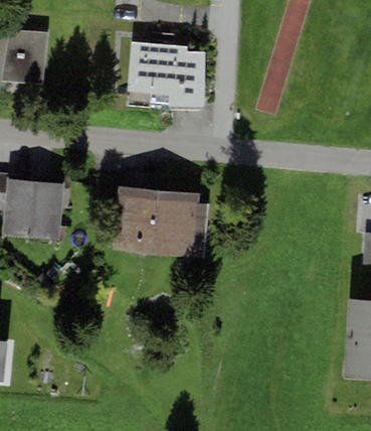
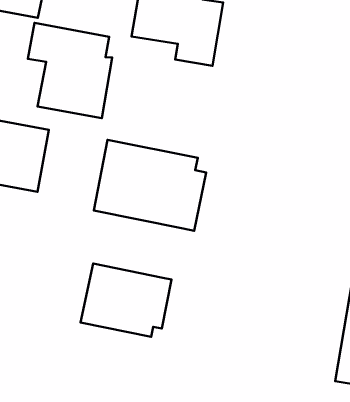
building: none -> [28,23,112,118]
building: none -> [81,263,171,337]

